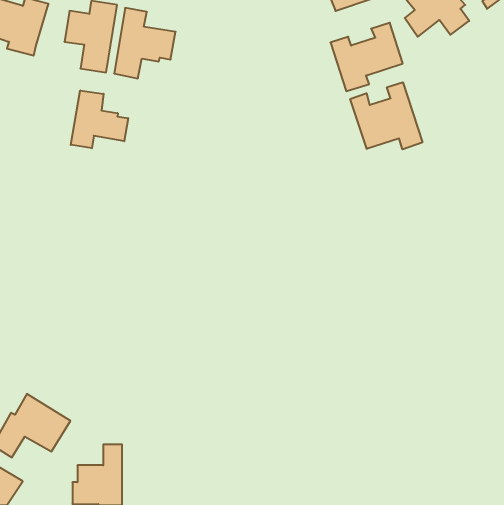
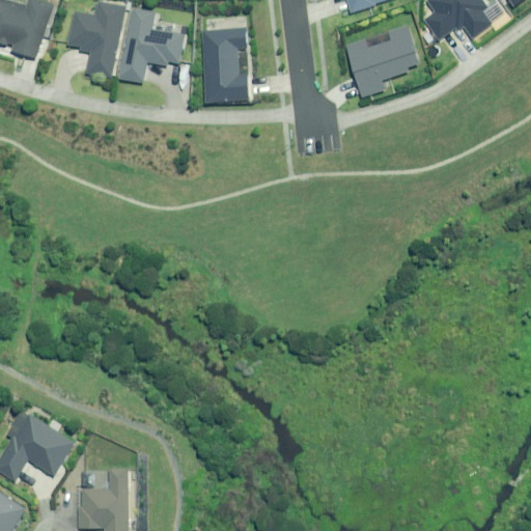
building: none -> [202,28,251,102]
building: [350,82,422,149] -> none
building: [71,90,128,148] -> none

